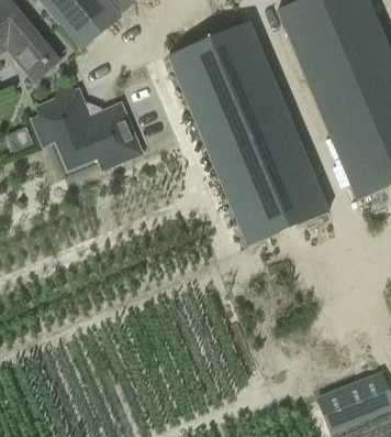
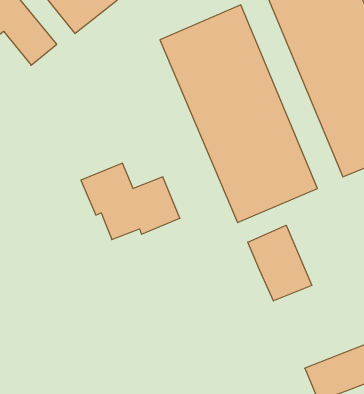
building: [36,88,138,167] -> [81,163,180,240]
building: none -> [248,225,312,301]

